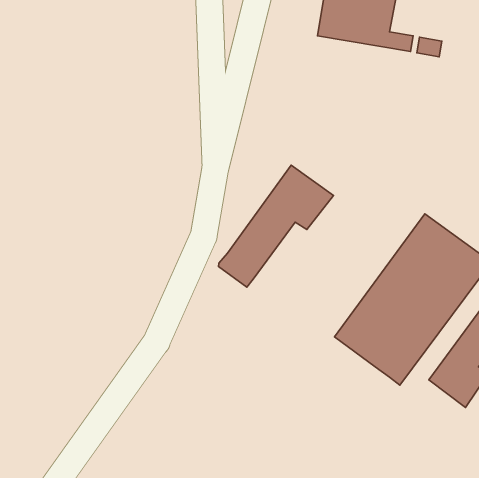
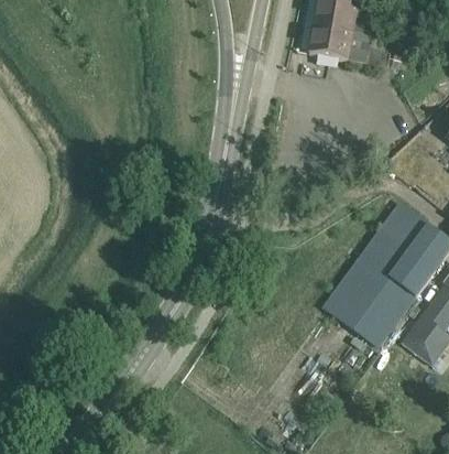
building: [218,165,334,287] -> none

